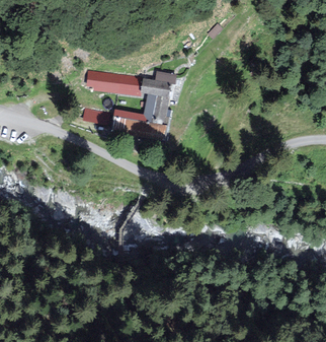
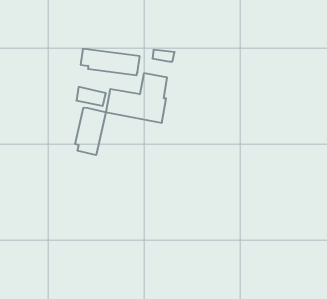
building: [141,77,171,97] -> none
building: none -> [75,108,106,155]

